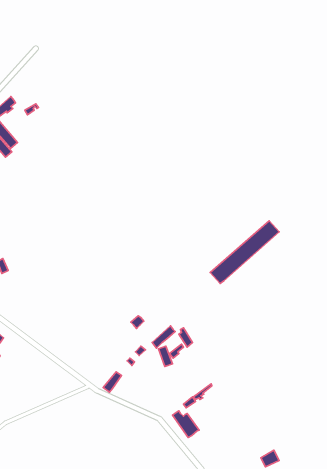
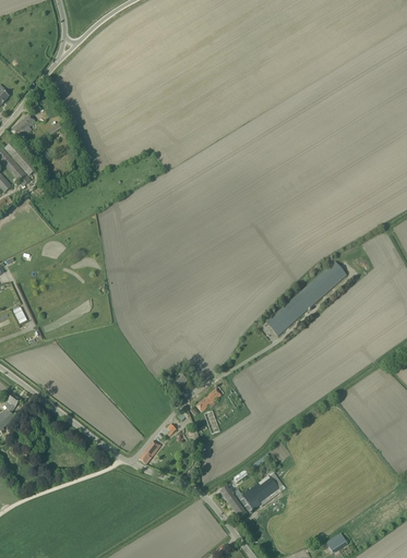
building: none -> [242,474,280,510]

